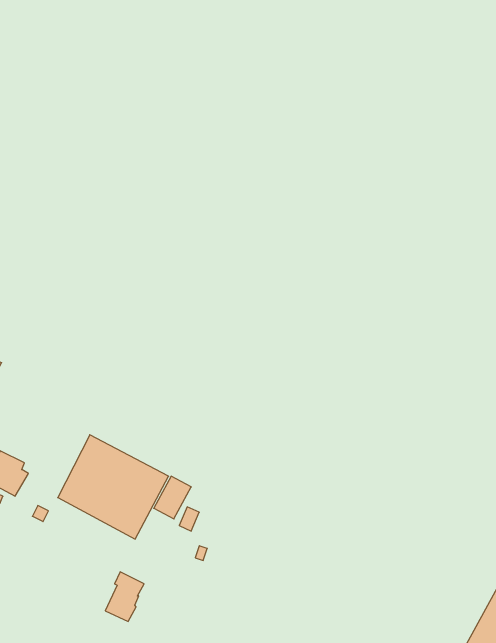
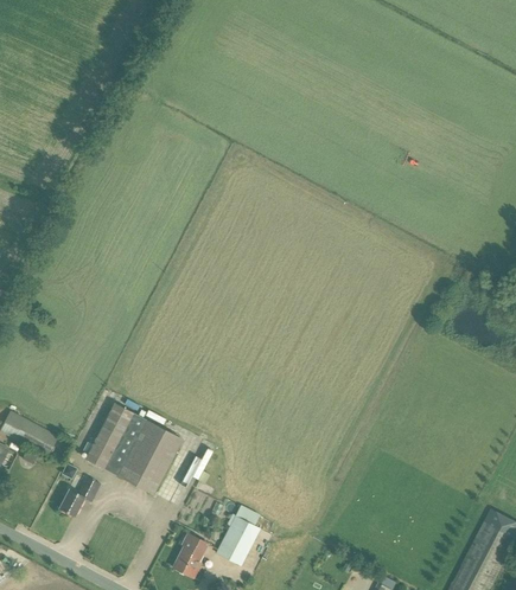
building: none -> [59,477,98,517]
building: none -> [215,515,260,566]
building: [105,572,144,621] -> [172,533,206,577]

